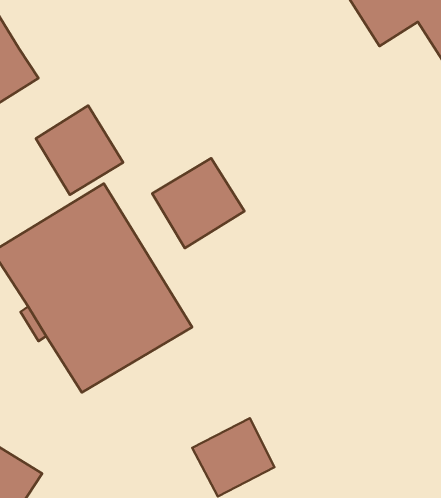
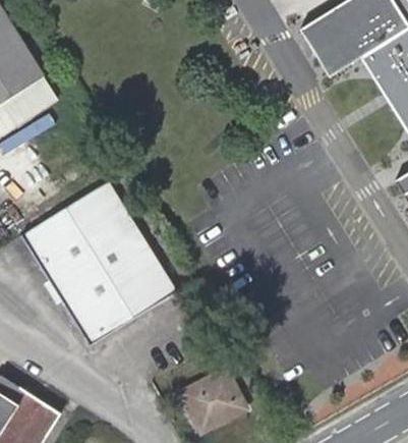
building: [36,106,123,195] -> none
building: [152,158,244,248] -> none

